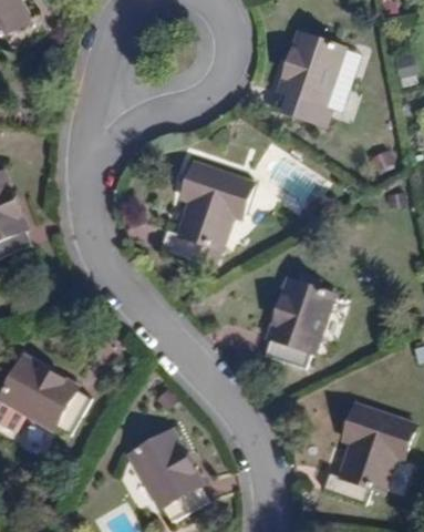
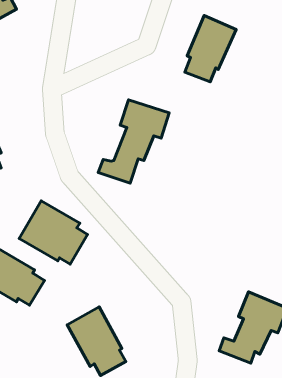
building: [265,284,332,372] -> none
building: none -> [19,201,87,264]

